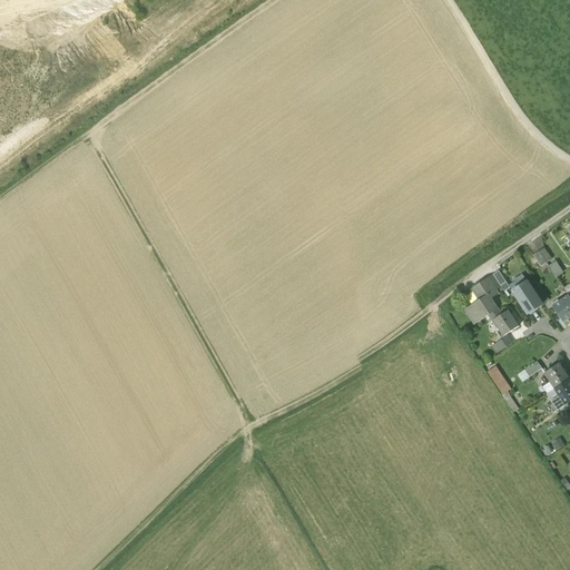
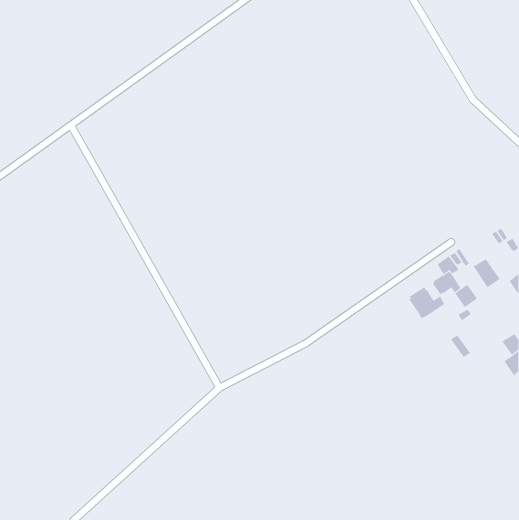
building: none -> [408,286,445,319]

